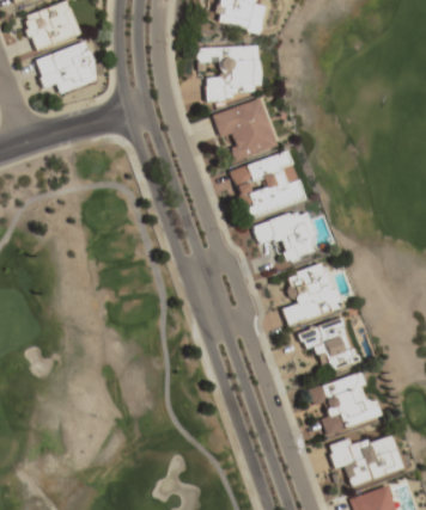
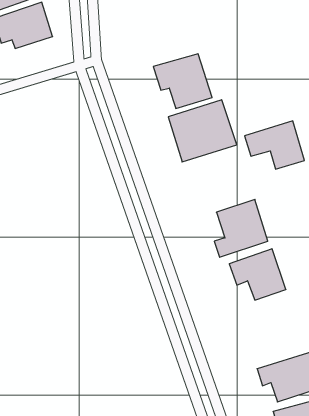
building: [197,44,262,102] -> none
building: [252,208,320,262] -> [245,121,304,169]
building: [309,373,382,434] -> none

